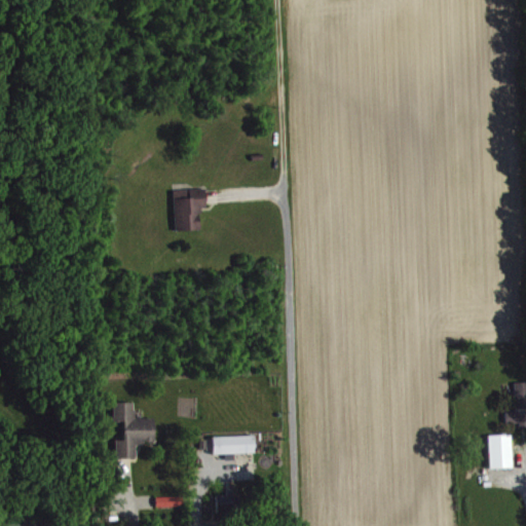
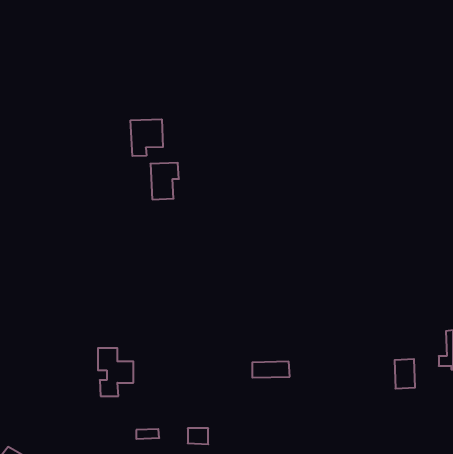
building: none -> [131,119,163,156]
building: [489,435,513,468] -> [395,359,415,389]
building: [213,436,256,454] -> [252,362,290,378]

